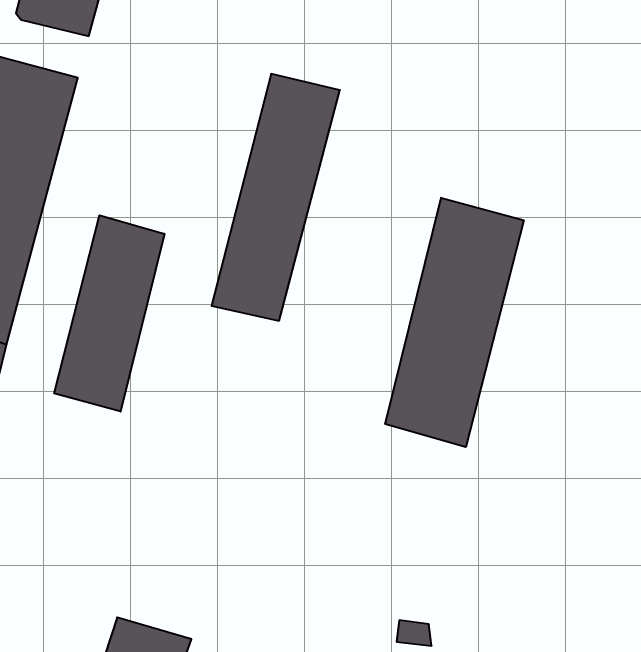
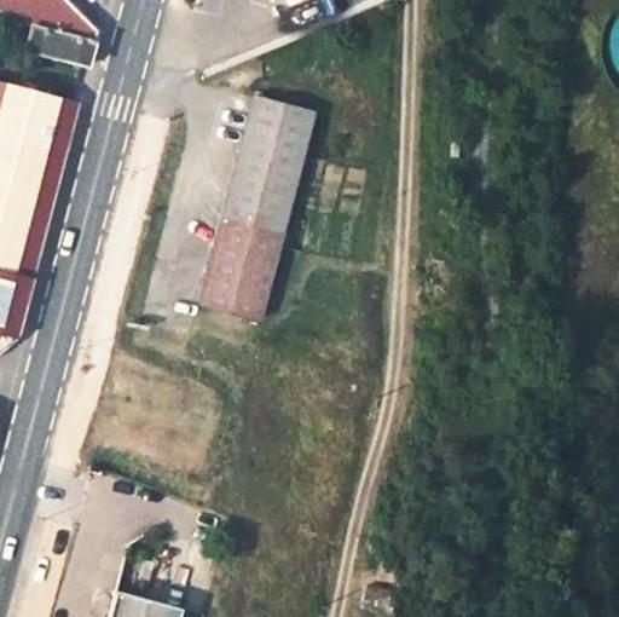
building: [385,198,524,447] -> none
building: [54,215,164,412] -> none

